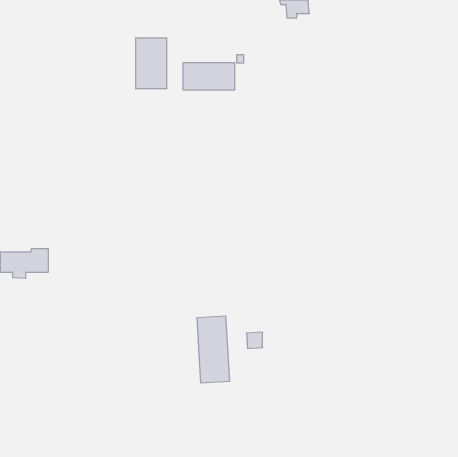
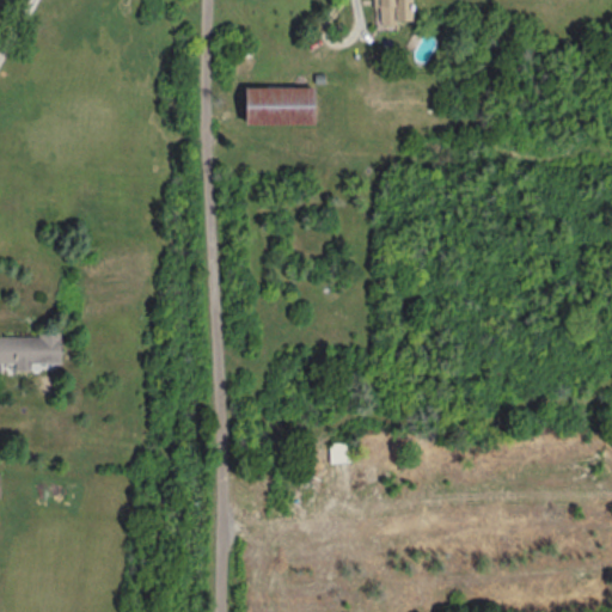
building: [136,38,166,89] -> none
building: [197,316,229,383] -> none

